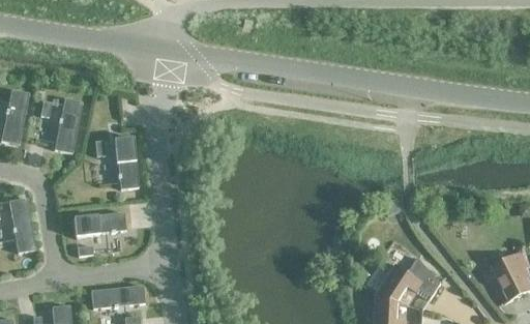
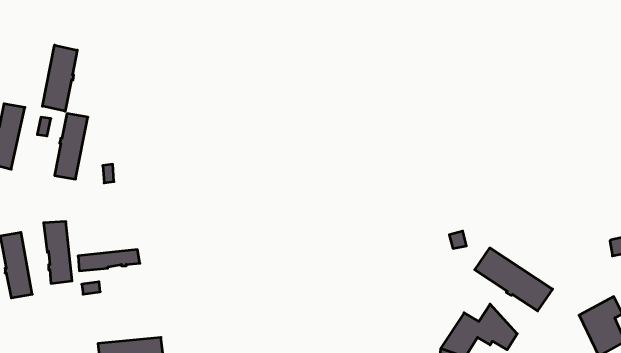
building: none -> [42,45,77,111]
building: [114,138,138,189] -> [44,222,72,283]
building: none -> [475,248,553,311]

